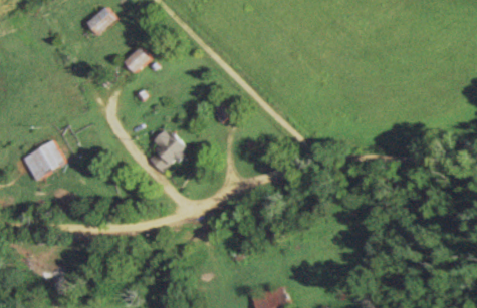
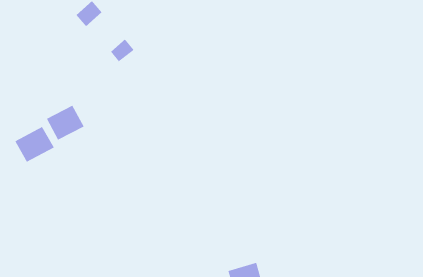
building: none -> [46,105,84,140]
building: [148,127,187,173] -> none

